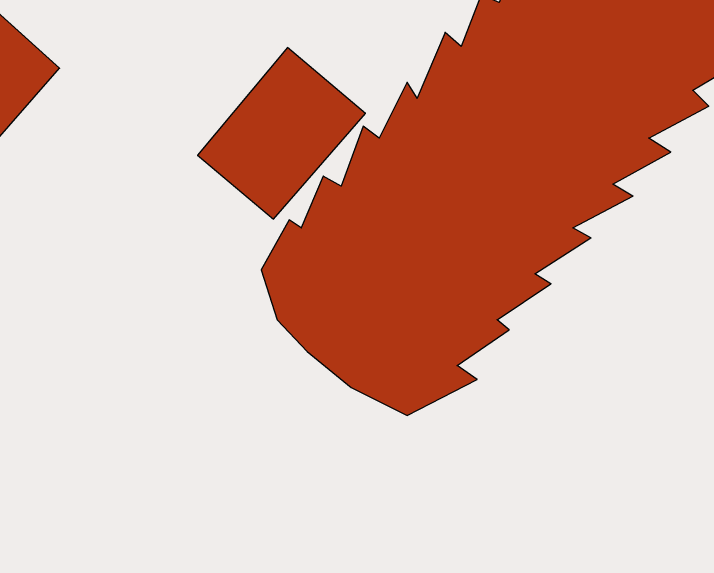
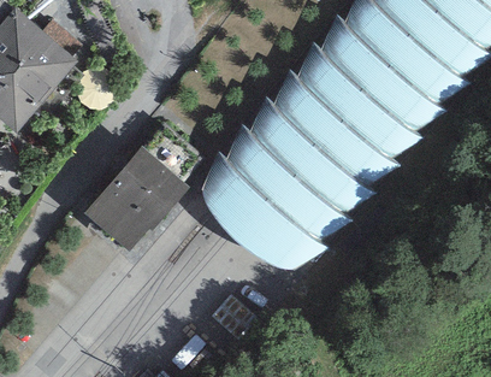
building: [198,48,365,219] -> [84,148,185,252]

